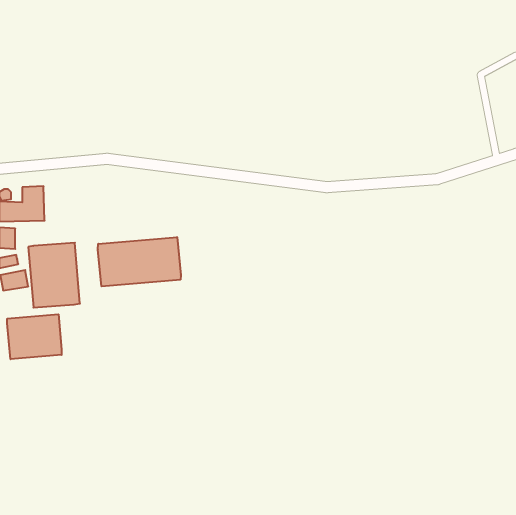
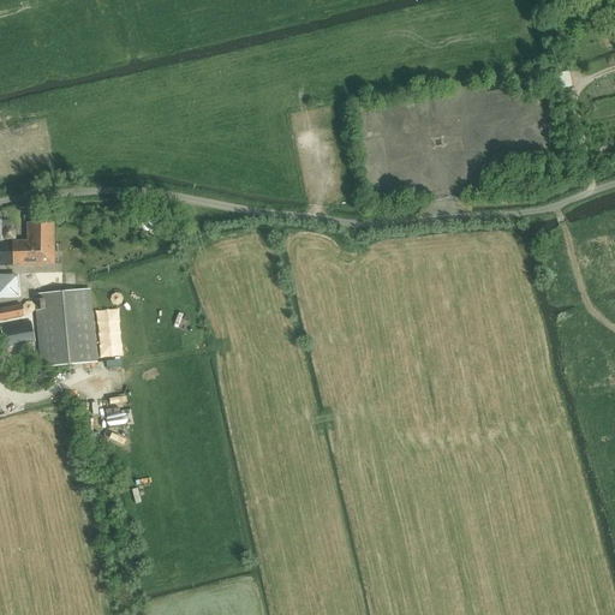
building: [98,237,181,286] -> none
building: [7,314,62,359] -> none

